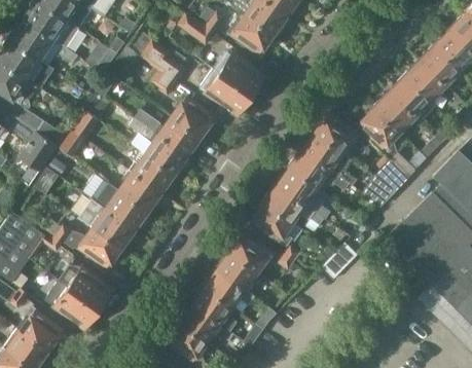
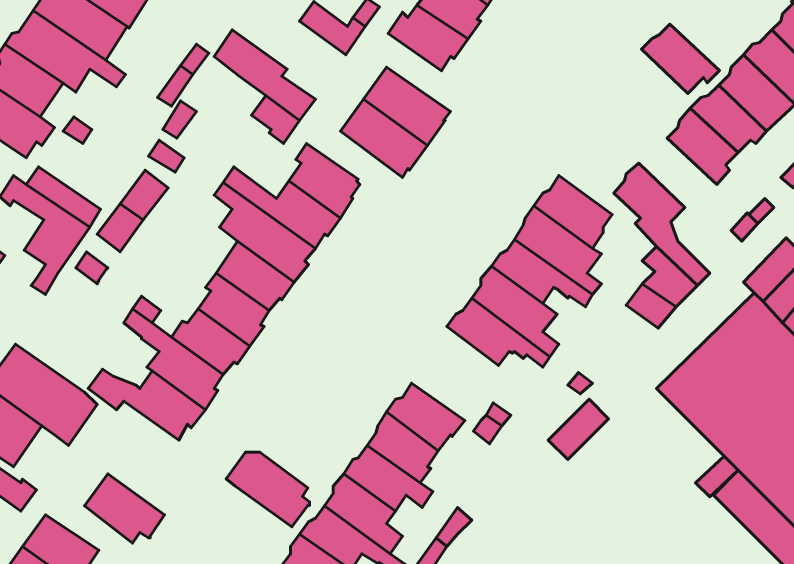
building: [374,93,420,133] -> [641,24,720,94]
building: [252,201,303,244] -> none
building: [62,267,110,310] -> [226,452,310,527]

